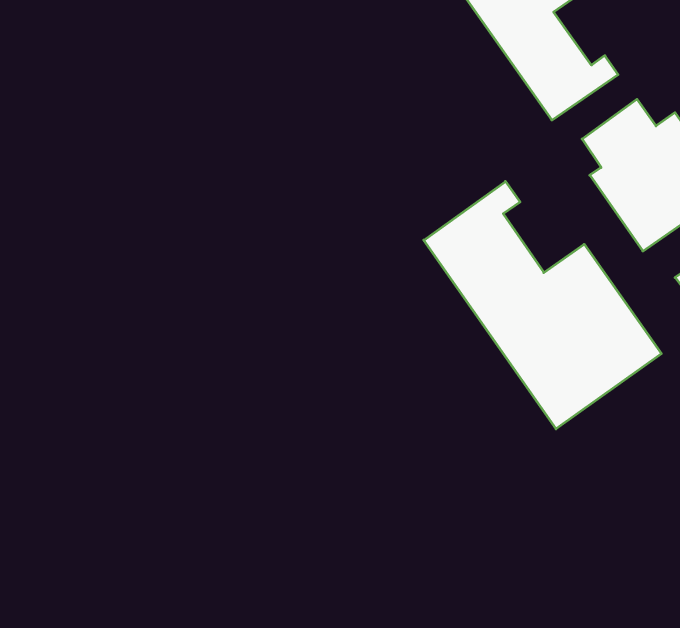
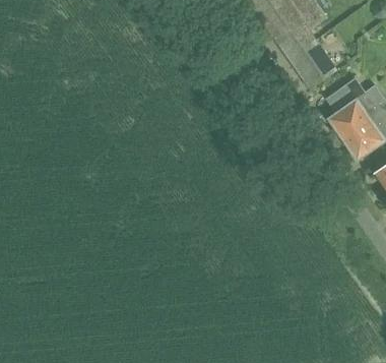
building: [424,181,661,429] -> none

